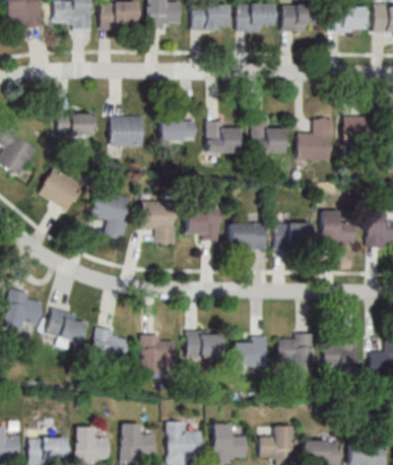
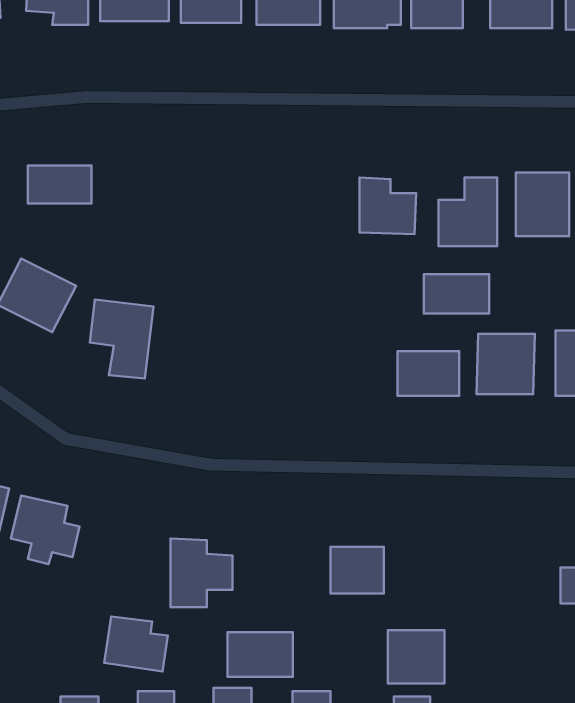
building: [110,115,144,146] -> none
building: [159,120,196,141] -> none
building: [206,121,241,152] -> none
building: [141,202,176,244] -> none
building: [185,209,219,240] -> none
building: [228,223,267,247] -> [424,274,489,314]
building: [91,327,129,359] -> [104,616,168,671]
building: [186,331,224,357] -> [228,632,293,677]
building: [279,335,313,367] -> [388,630,445,684]
building: [324,338,357,367] -> none

